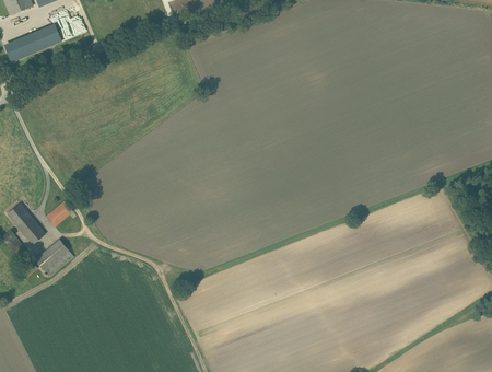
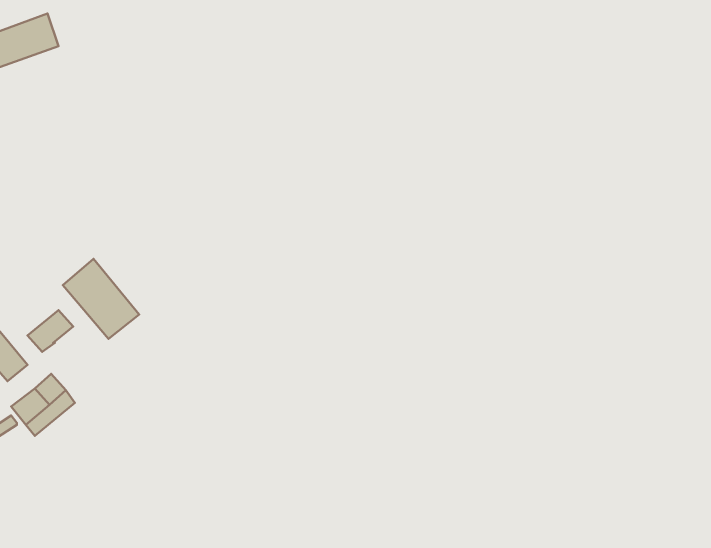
building: none -> [63,259,139,339]

